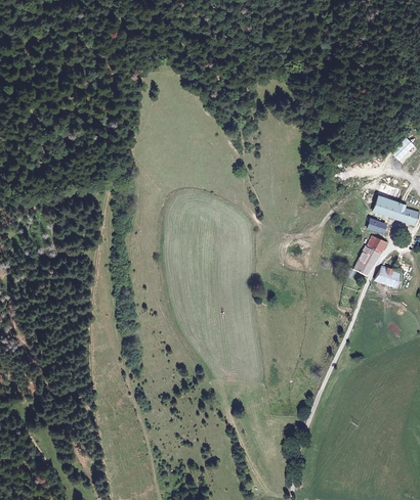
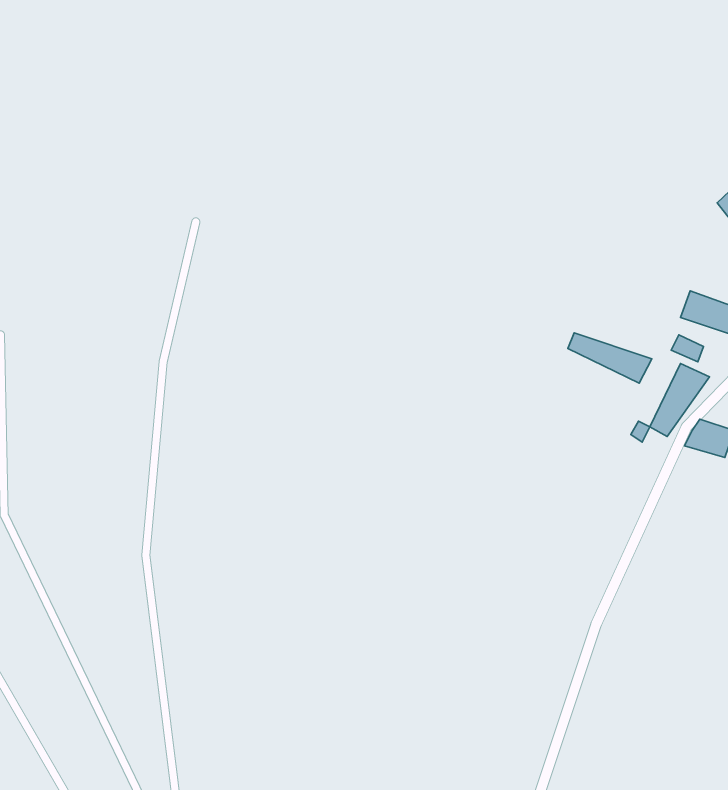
building: none -> [568,333,652,383]

